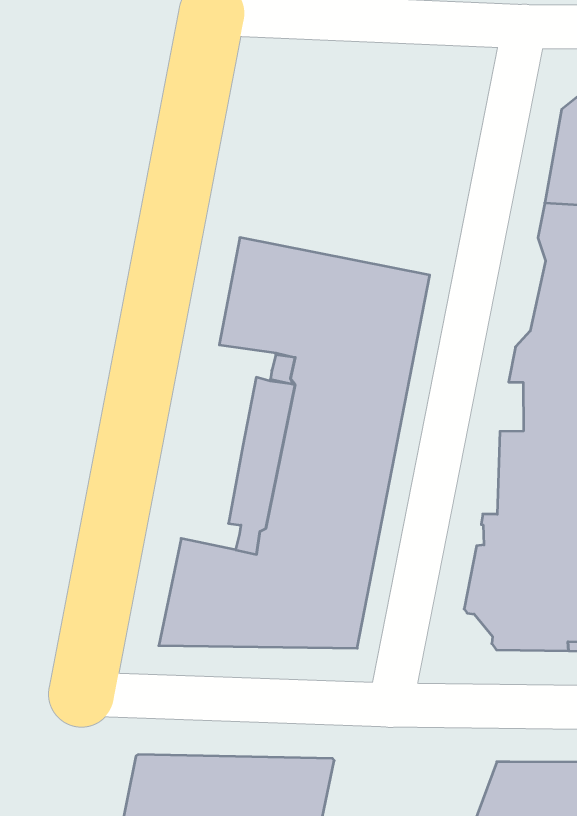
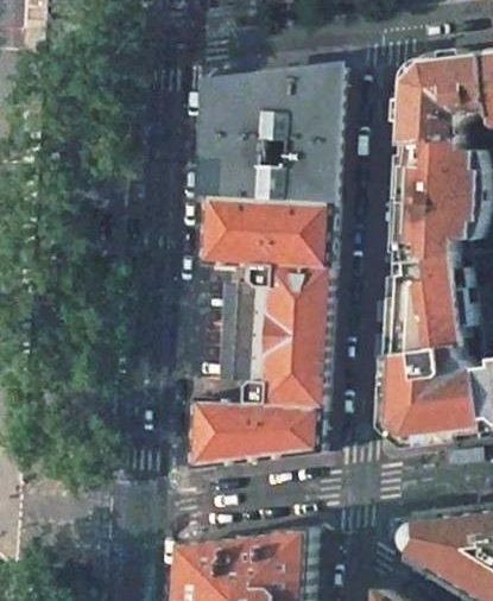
building: none -> [202,69,337,201]

